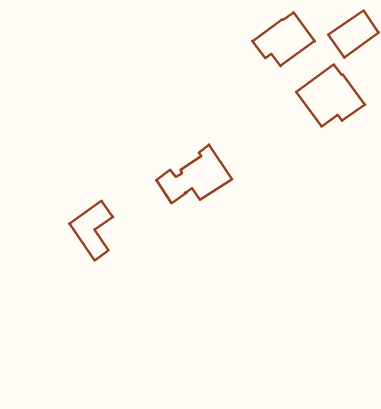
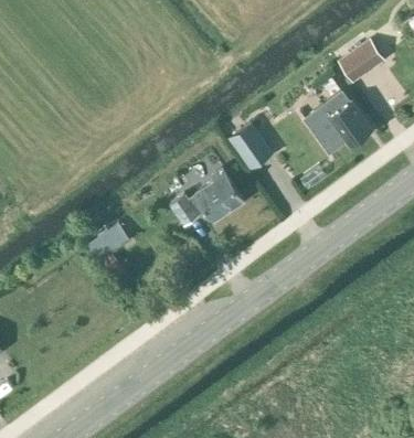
building: [252,12,315,66] -> none
building: none -> [236,130,279,174]

